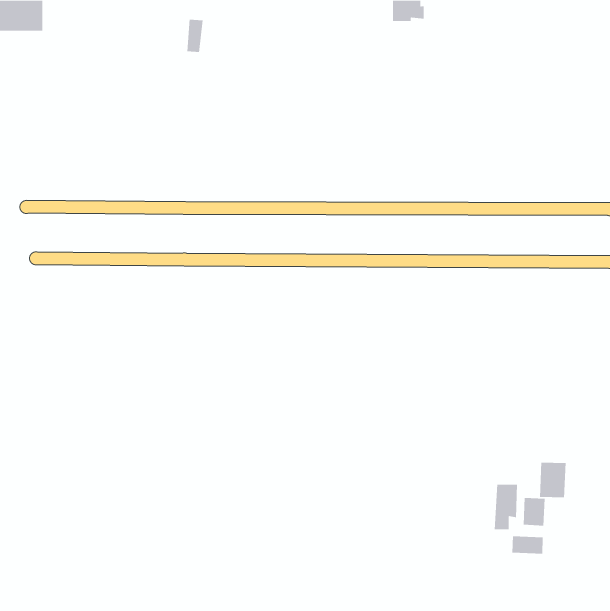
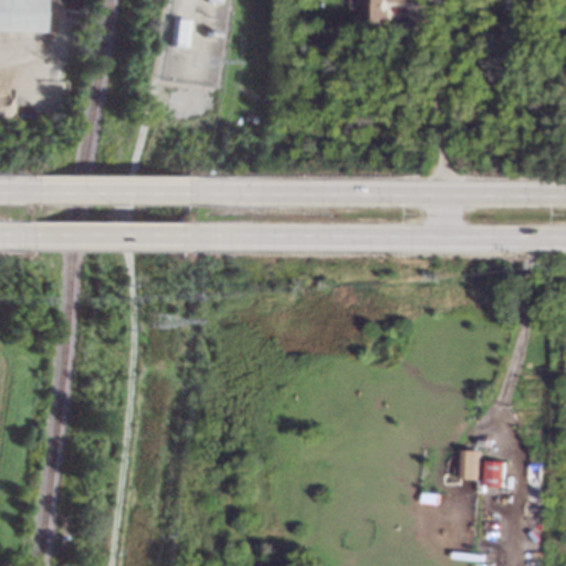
building: [539,462,566,498] -> none
building: [512,535,543,554] -> none

